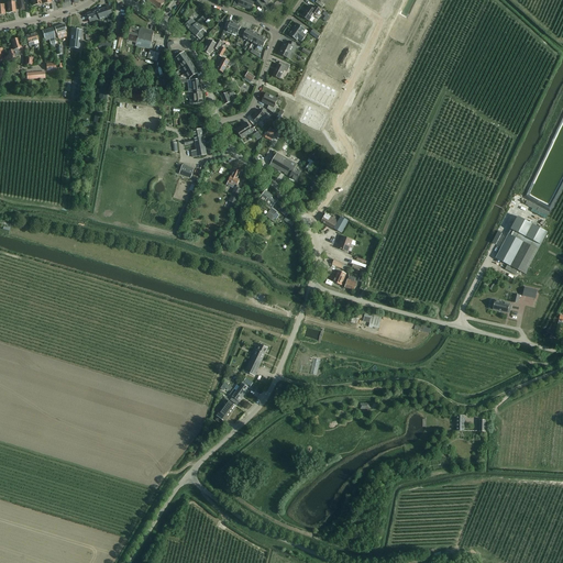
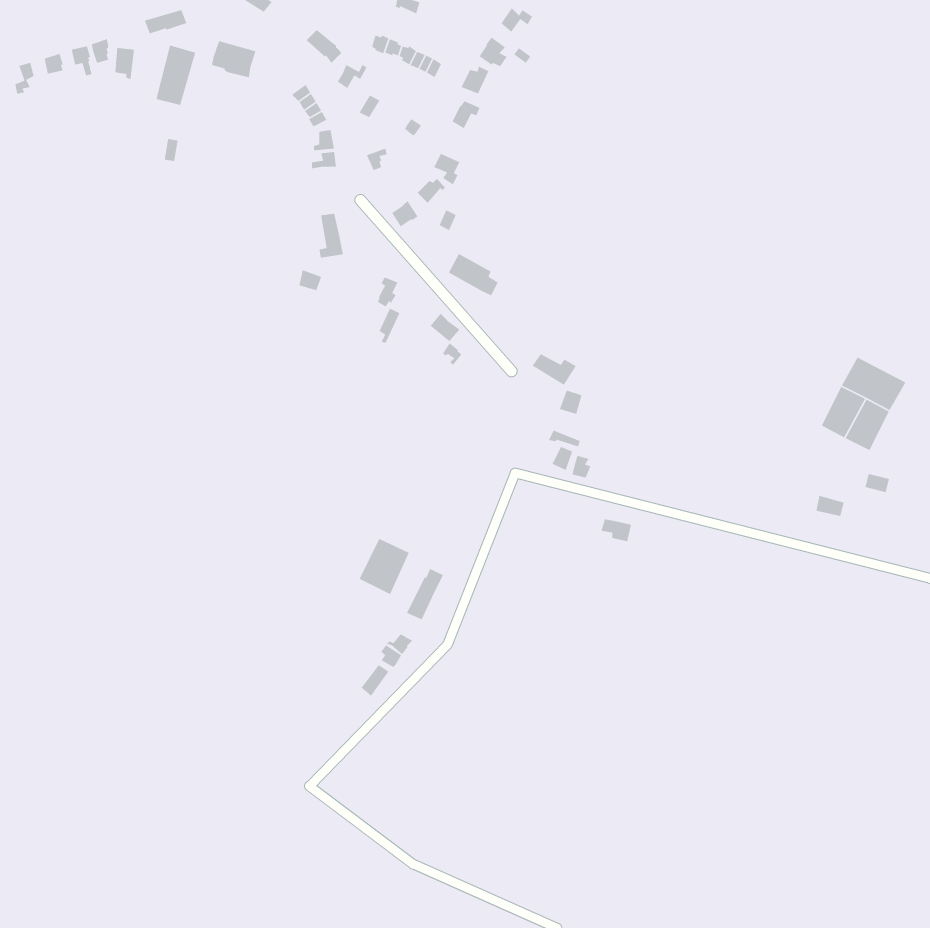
building: none -> [156,44,196,106]
building: none -> [358,538,410,595]

